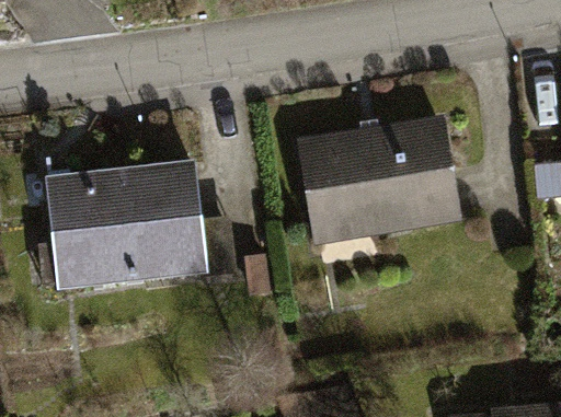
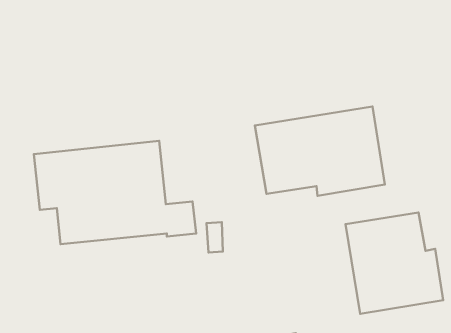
building: none -> [346,213,443,314]

